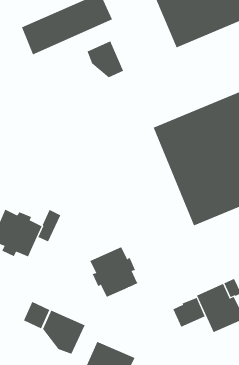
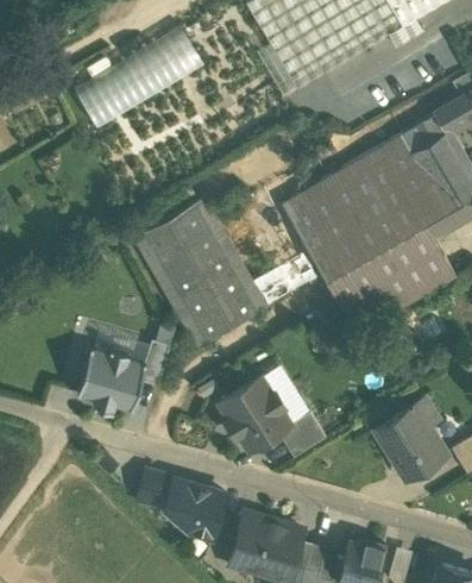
building: [87,41,124,78] -> none
building: none -> [137,200,265,346]
building: [172,297,205,327] -> [278,412,326,457]

